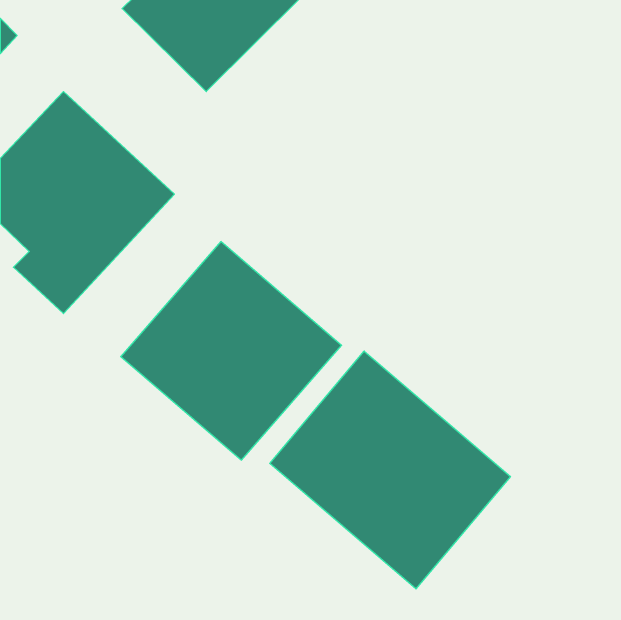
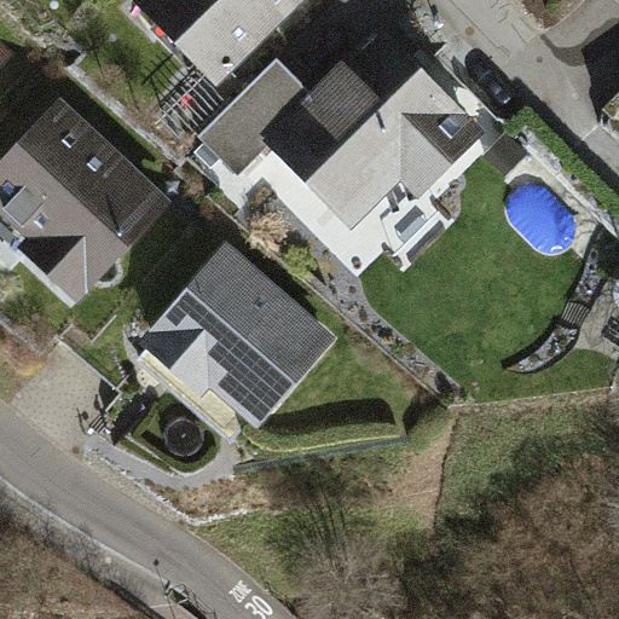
building: none -> [199,19,487,230]
building: [270,351,510,589] -> none

